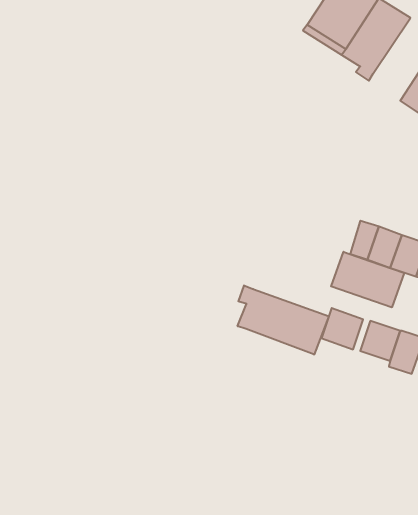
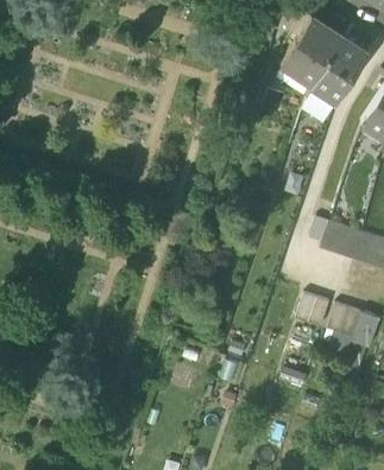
building: [331,252,404,307] -> none
building: [238,285,329,355] -> none

